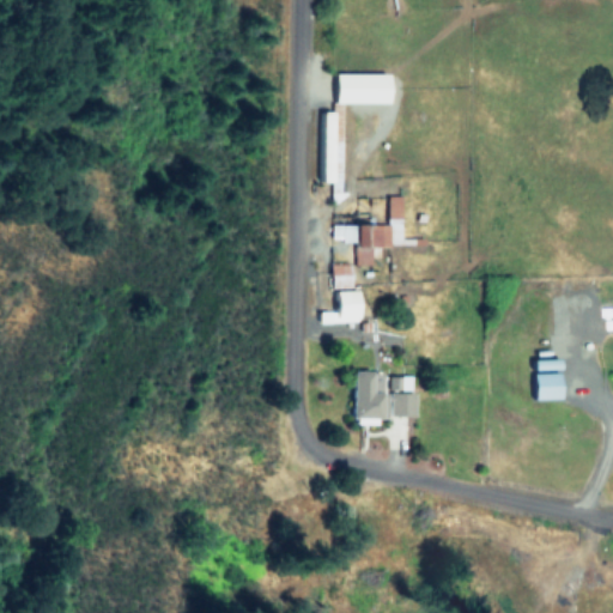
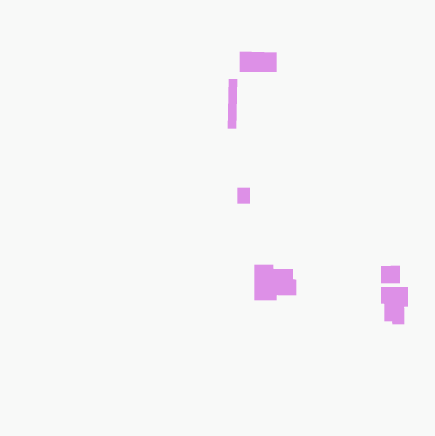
building: [335,196,405,265] -> none
building: [336,290,362,322] -> none
building: none -> [380,286,409,325]

